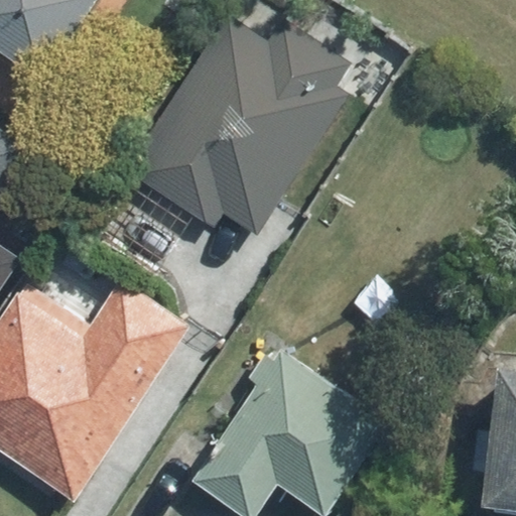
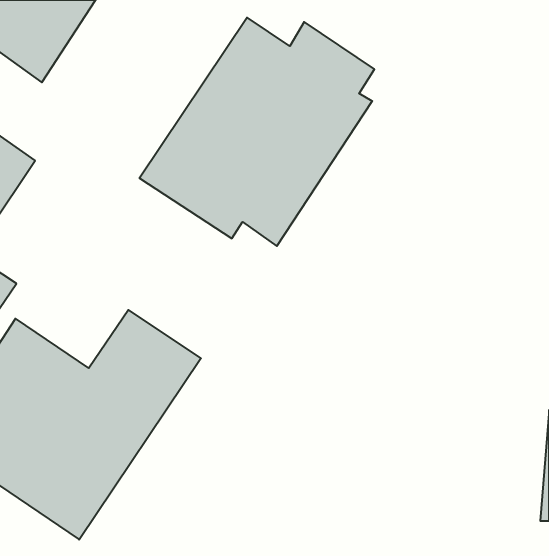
building: [197,345,385,508] -> none

